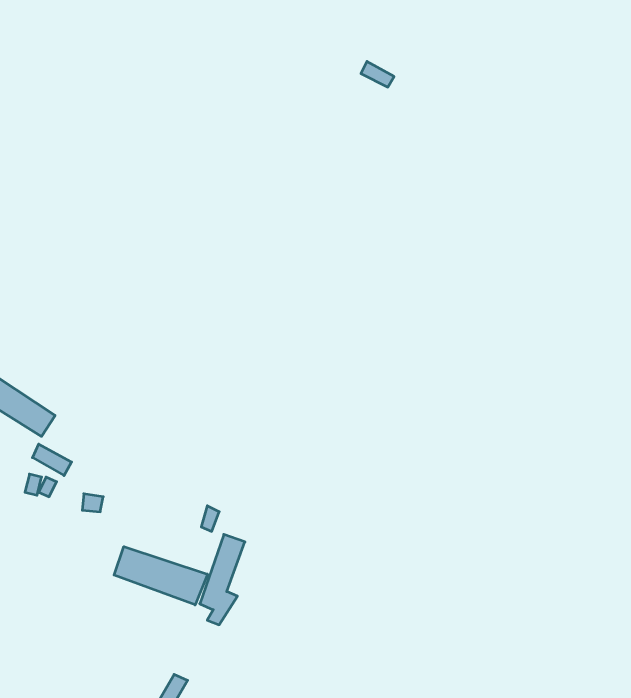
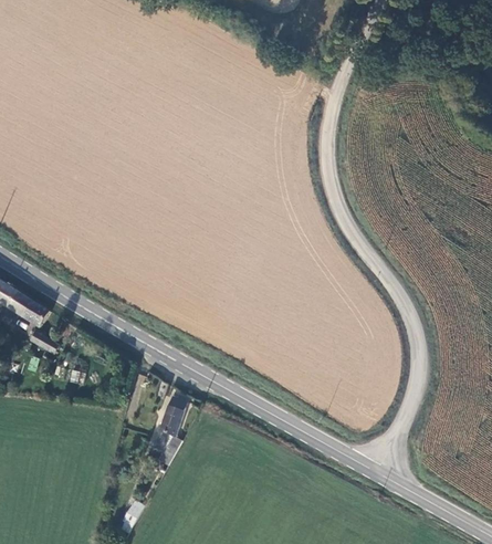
building: [114,547,207,605] -> none

